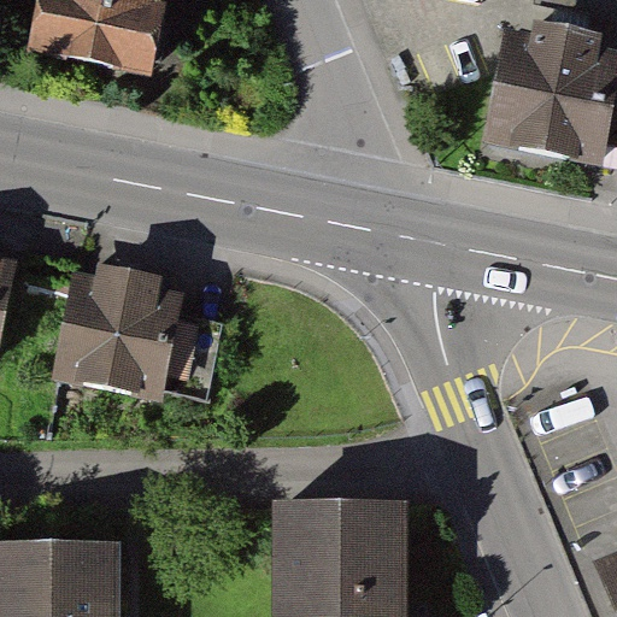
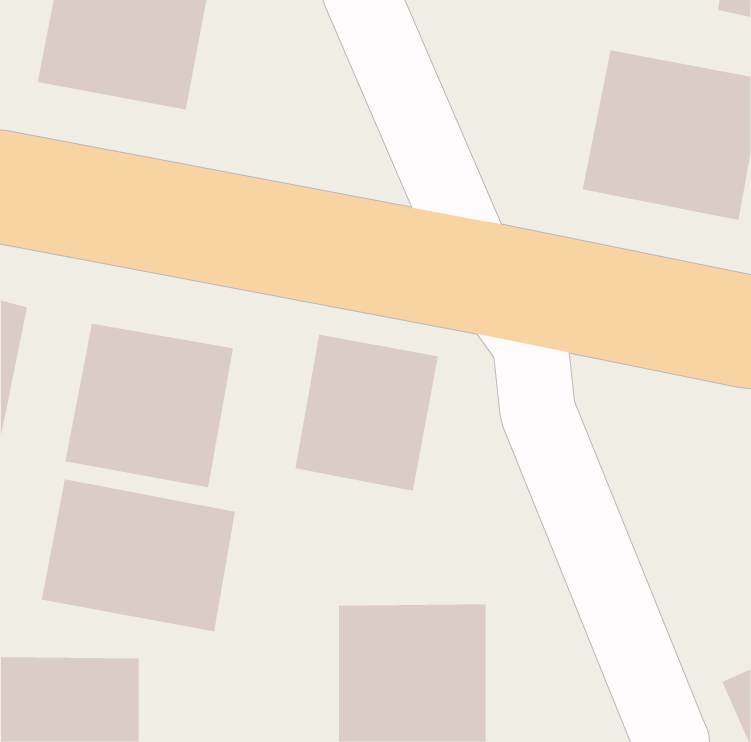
building: none -> [295,334,439,492]
building: none -> [41,479,235,632]

